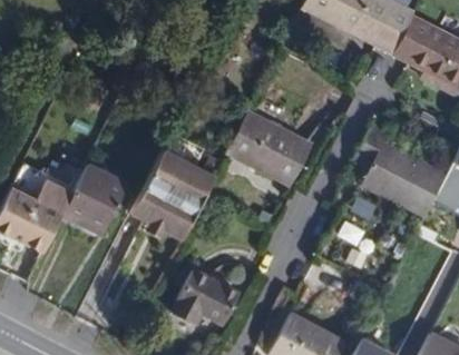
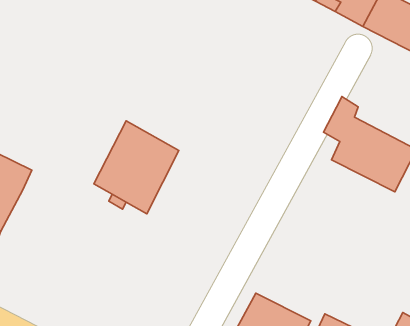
building: [227,110,314,186] -> none
building: [64,164,129,234] -> none
building: [173,267,241,323] -> none

